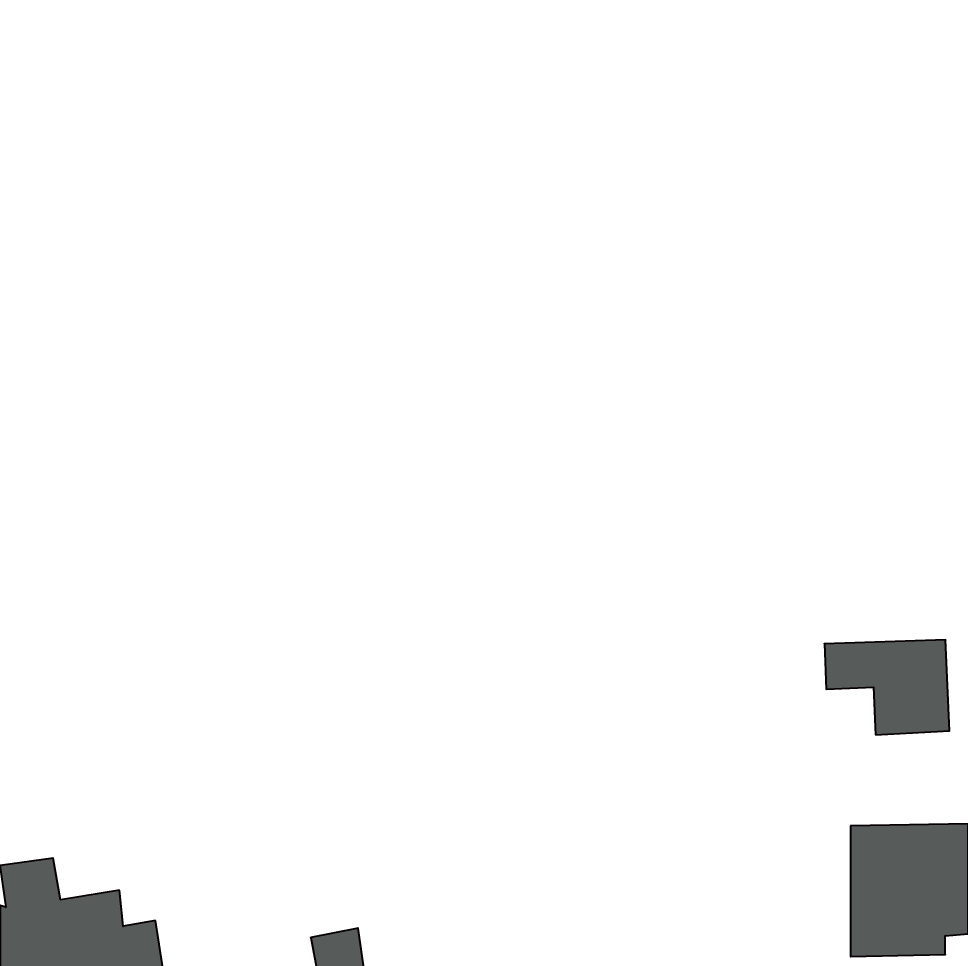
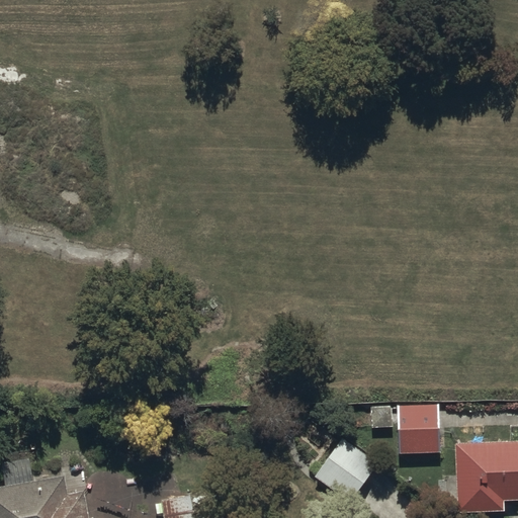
building: [824,640,949,735] -> [373,405,440,455]
building: none -> [314,438,377,503]

